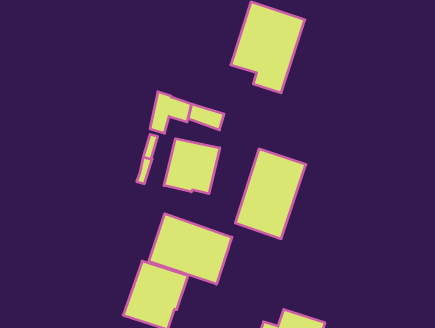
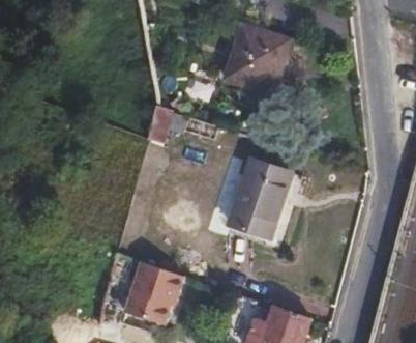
building: [164,139,220,194] -> none
building: [149,214,232,284] -> none

